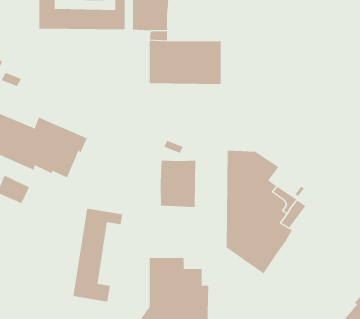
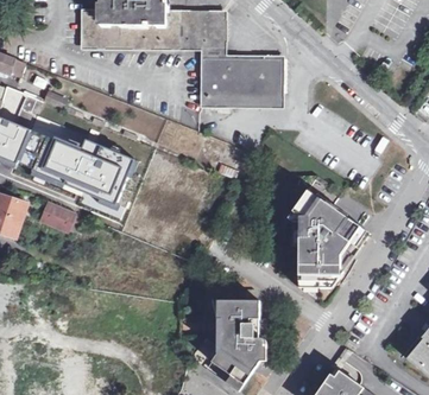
building: [160,160,196,208] -> none
building: [73,208,123,302] -> none

